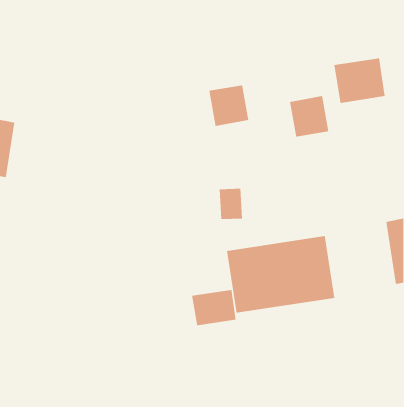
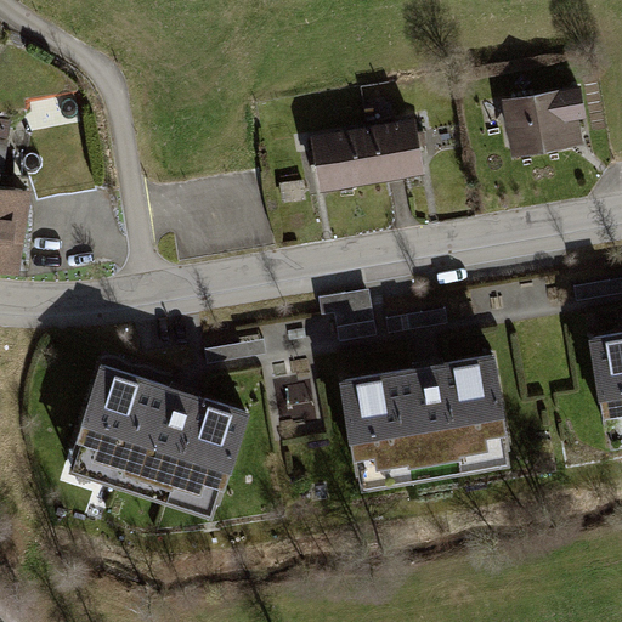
building: [289,95,329,137] -> [368,119,429,182]
building: none -> [70,366,244,502]
building: [192,289,236,326] -> none

